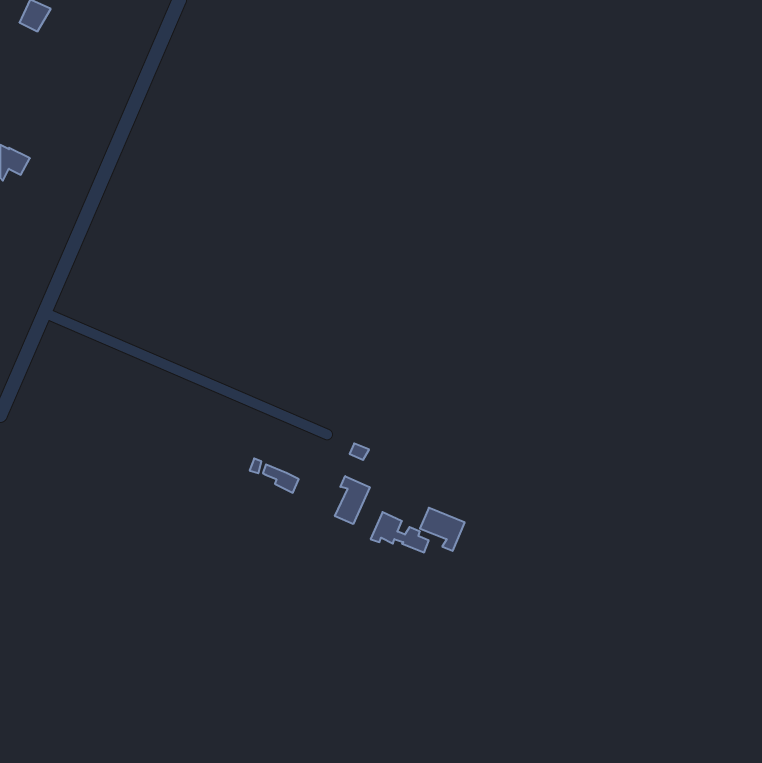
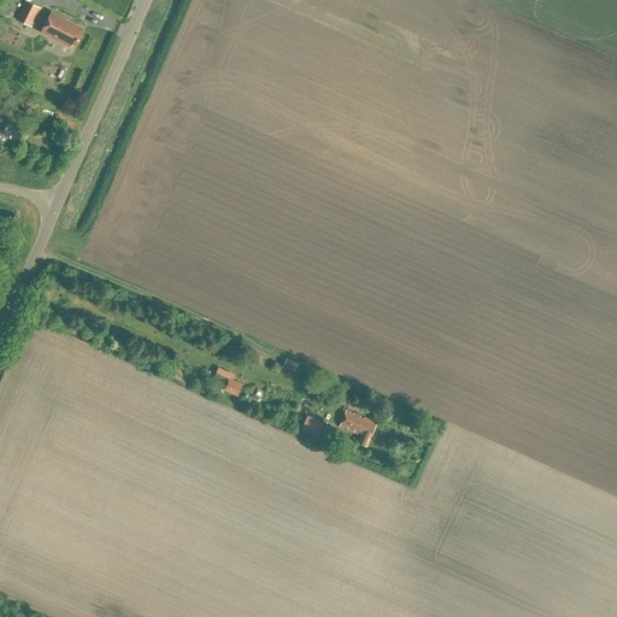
building: none -> [41,12,84,47]
building: [335,476,370,524] -> none

